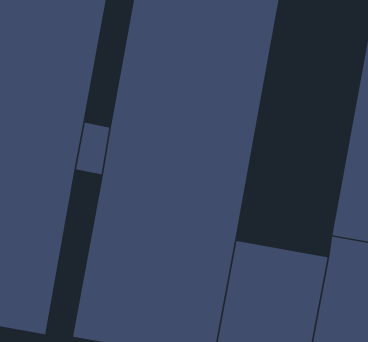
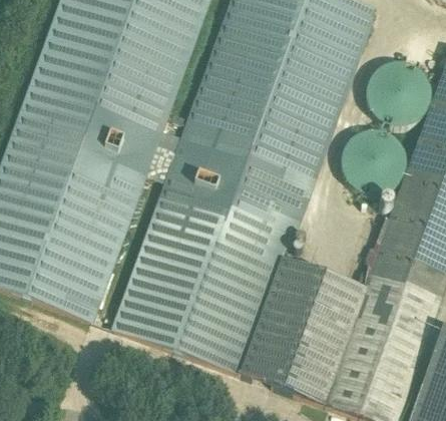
building: none -> [367,62,431,125]
building: none -> [340,131,405,195]

